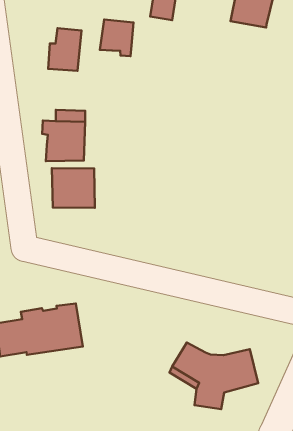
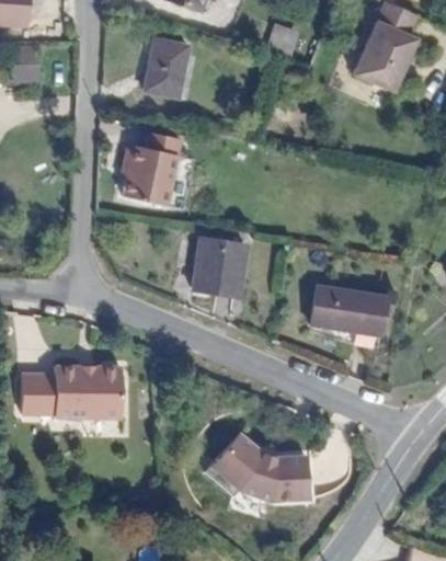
building: [100,20,134,56] -> none
building: [52,168,95,208] -> [188,237,244,291]
building: none -> [307,282,377,329]

